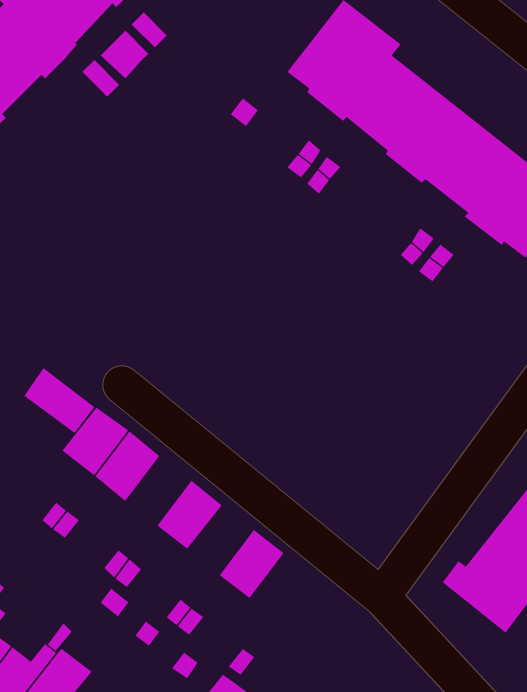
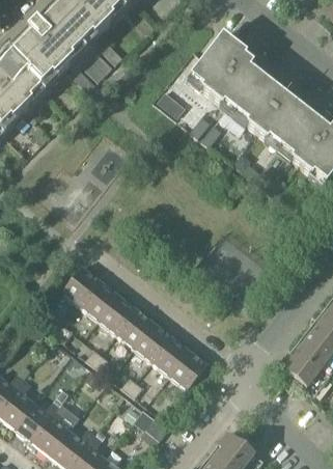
building: [24,367,95,434] -> none
building: none -> [96,294,134,333]
building: none -> [132,322,169,361]
building: none -> [167,349,205,389]

